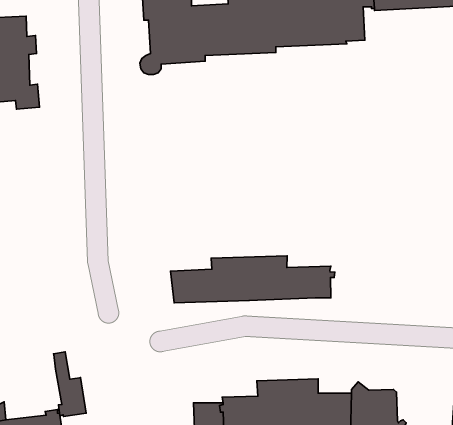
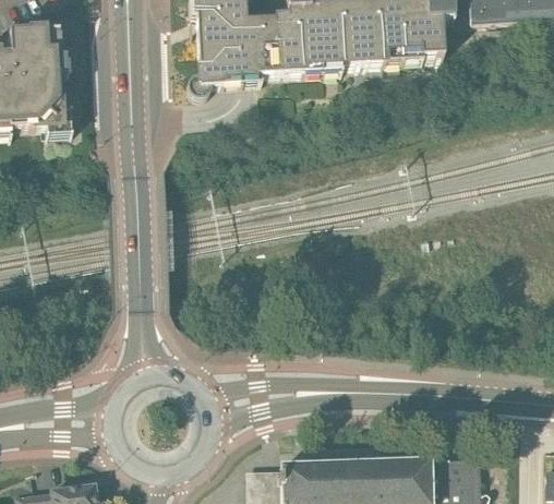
building: [170,256,335,303] -> none
building: [53,352,86,417] -> none

